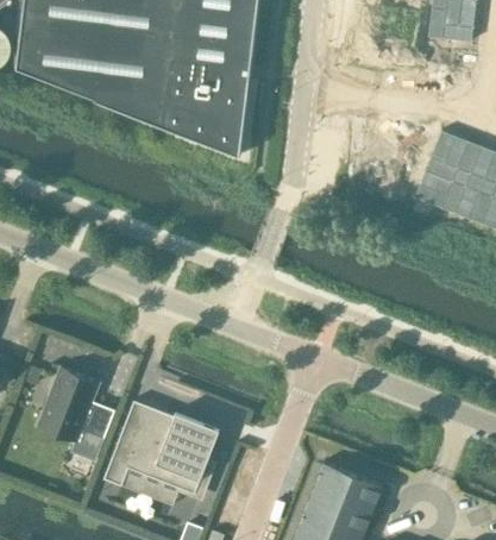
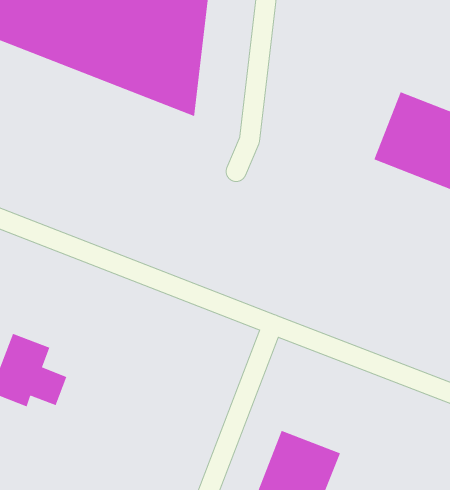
building: [103,400,220,506] -> none

